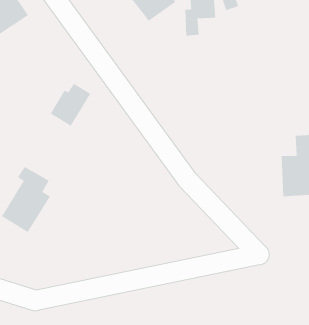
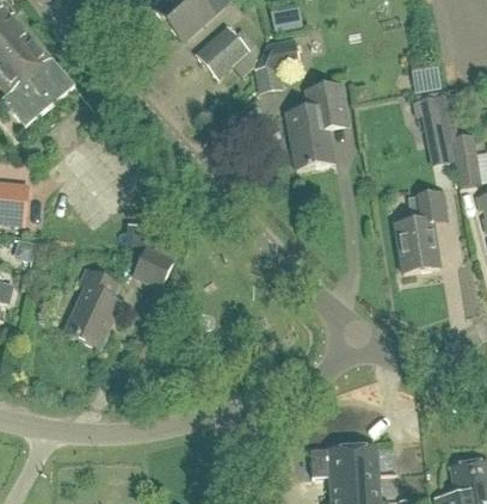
building: none -> [286,84,349,168]
building: [50,83,91,127] -> [132,236,180,289]

